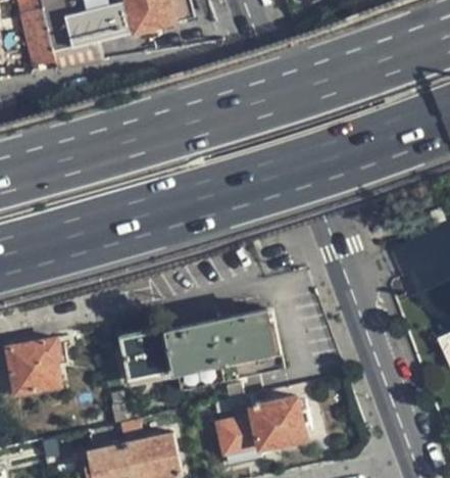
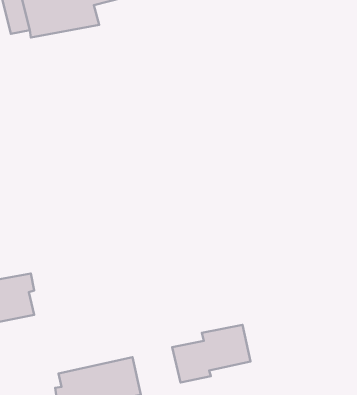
building: [120,310,279,380] -> none

